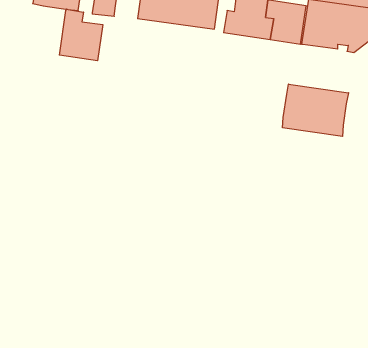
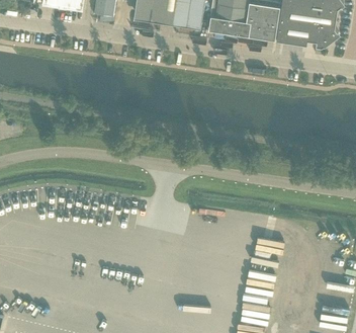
building: [59,9,103,61] -> none
building: [283,84,349,136] -> none

